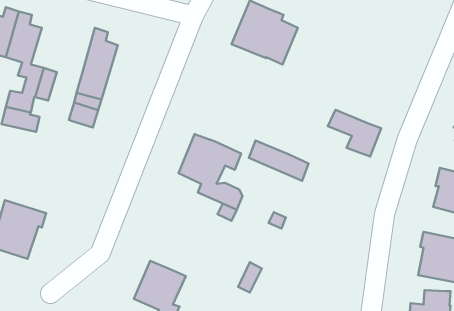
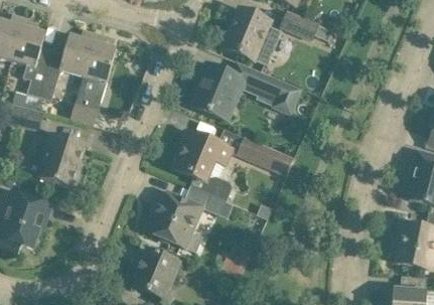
building: none -> [281,11,332,41]
building: none -> [59,29,95,75]
building: none -> [193,62,245,121]
building: [328,110,381,156] -> [253,72,302,116]
building: none -> [40,132,85,188]
building: none -> [146,192,202,246]

